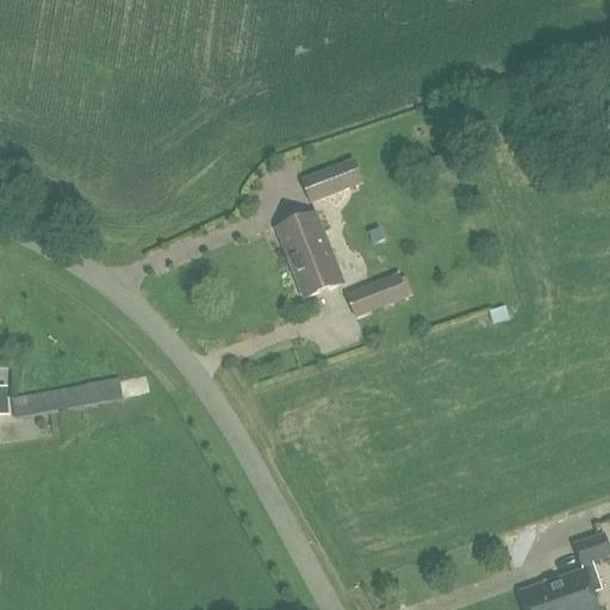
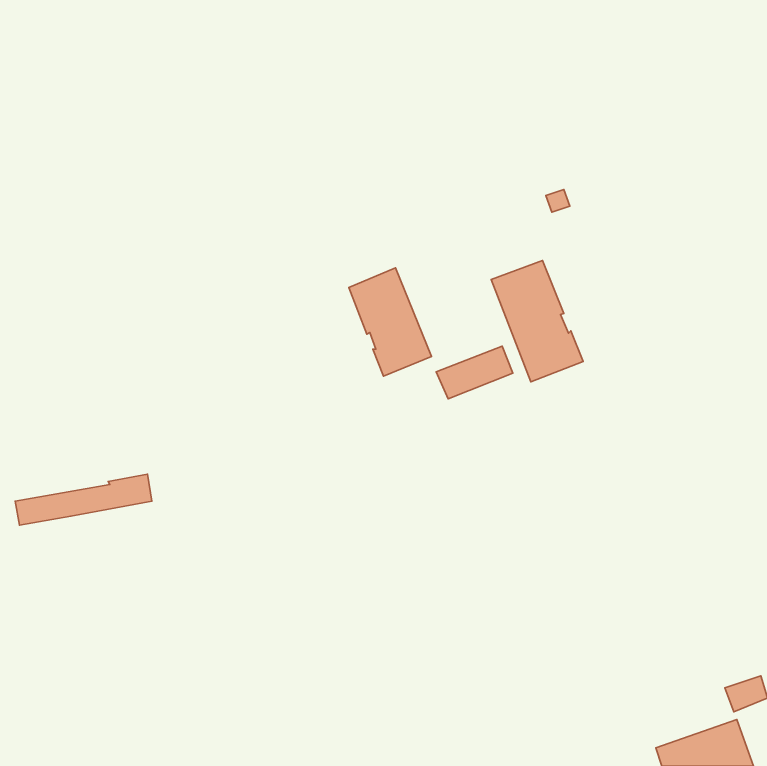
building: [300,158,361,201] -> none
building: none -> [491,260,583,382]

